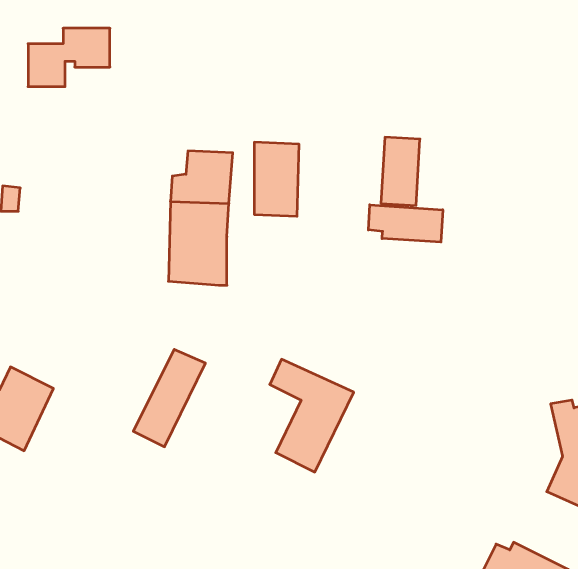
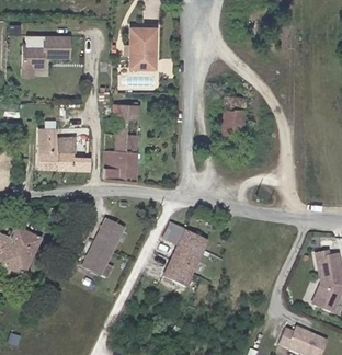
building: [254,142,299,216] -> [130,27,156,69]
building: none -> [38,129,89,170]
building: [368,205,443,242] -> none

